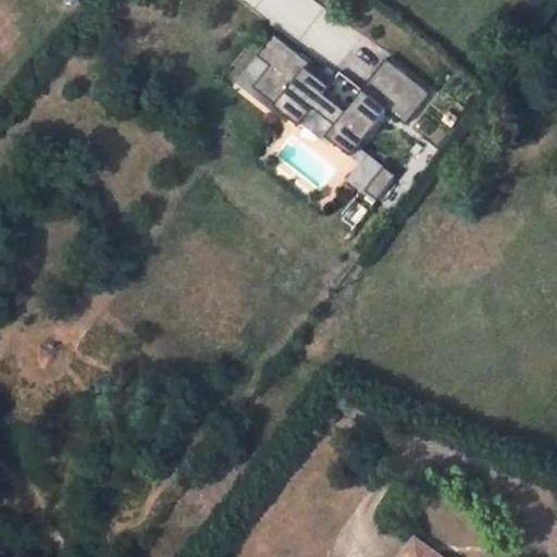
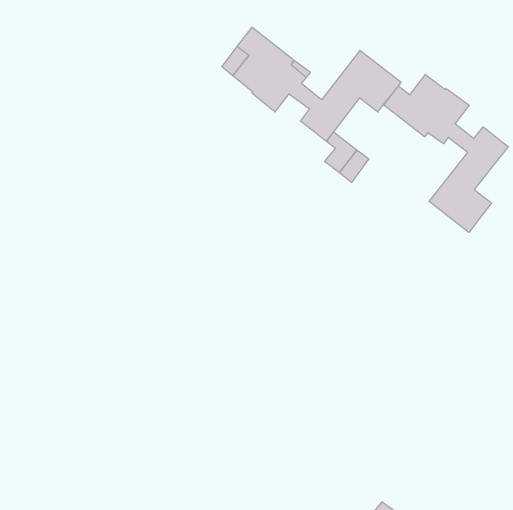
building: none -> [384,74,508,232]

